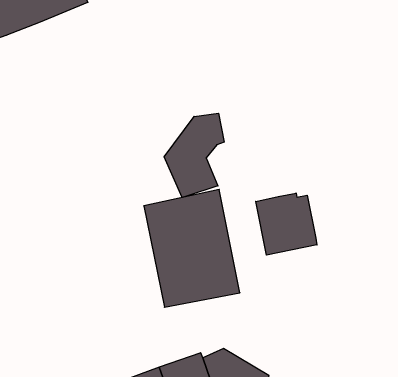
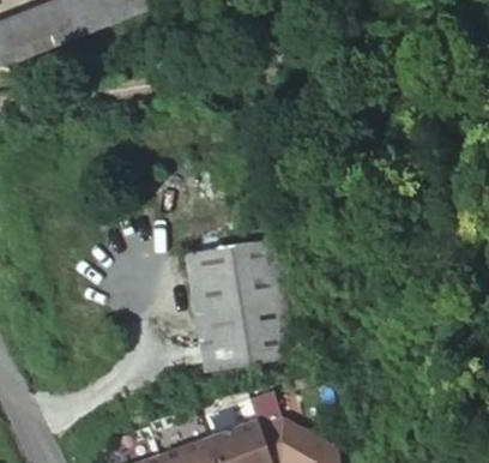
building: [164,113,224,197] -> none
building: [256,193,317,255] -> none

